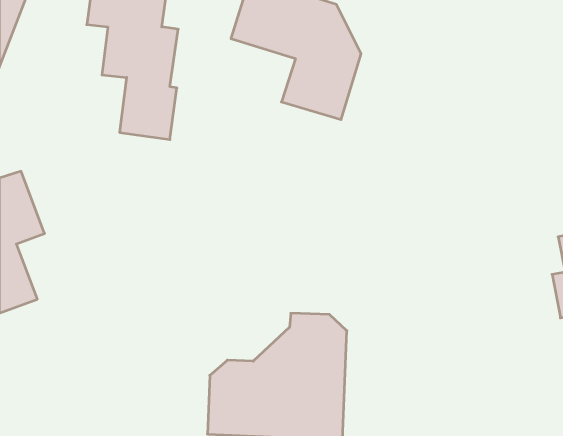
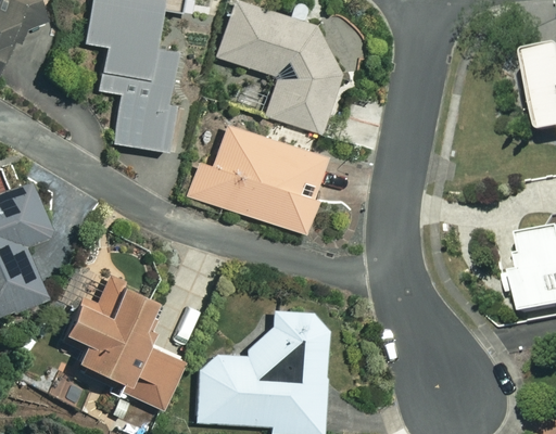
building: none -> [185,122,326,232]
building: none -> [61,282,182,408]

